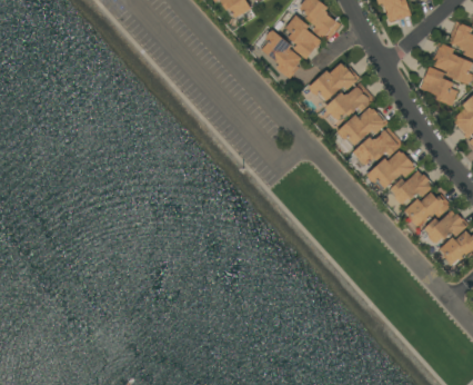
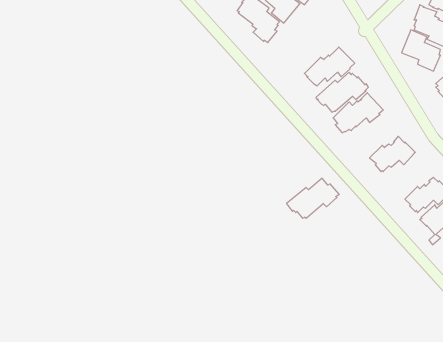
building: [309,63,359,102] -> none
building: [365,150,416,189] -> [287,178,339,218]
building: [403,192,451,228] -> none

